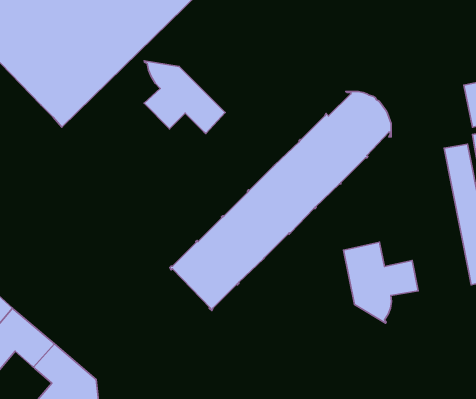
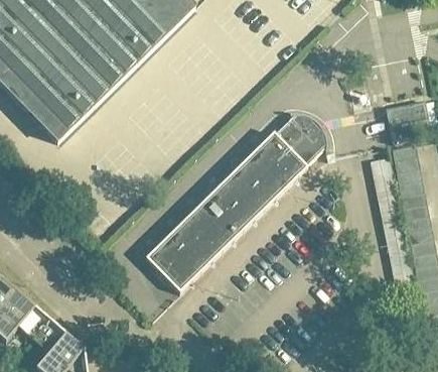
building: [144,61,225,133] -> none
building: [344,242,418,323] -> none

